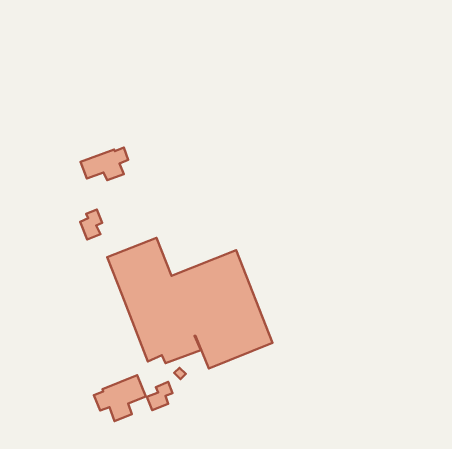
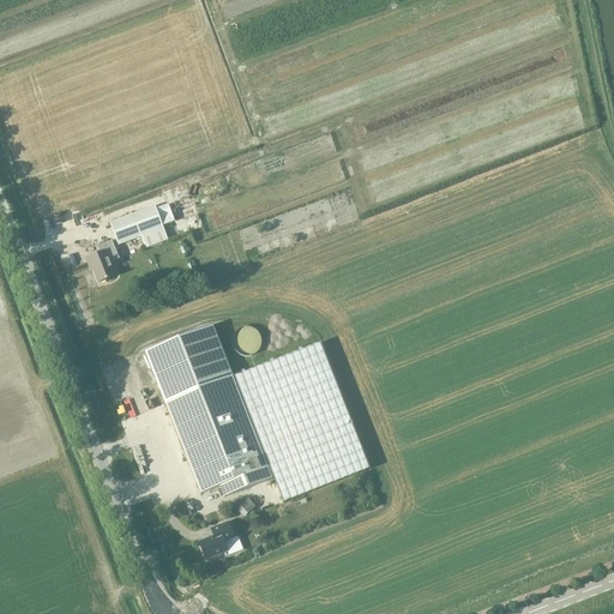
building: [80,209,102,240] -> [89,237,119,278]
building: [94,375,146,421] -> none

